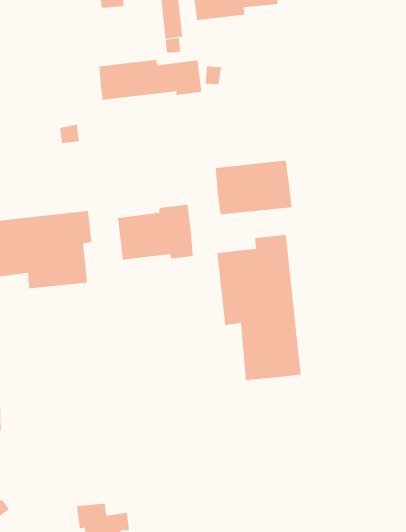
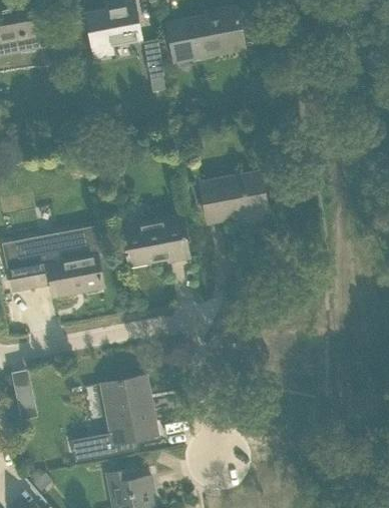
building: [99,59,202,101] -> none
building: [217,234,301,381] -> none
building: none -> [73,375,157,461]

